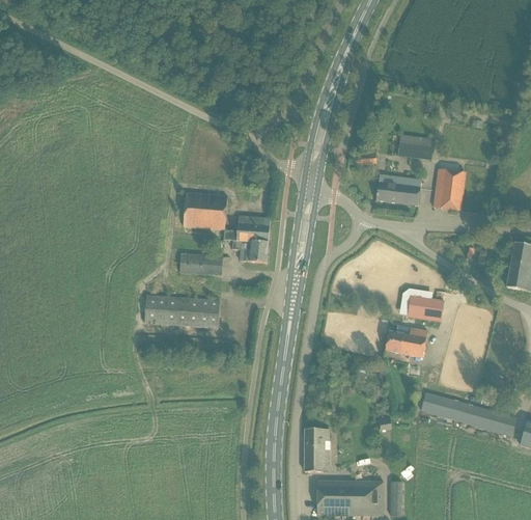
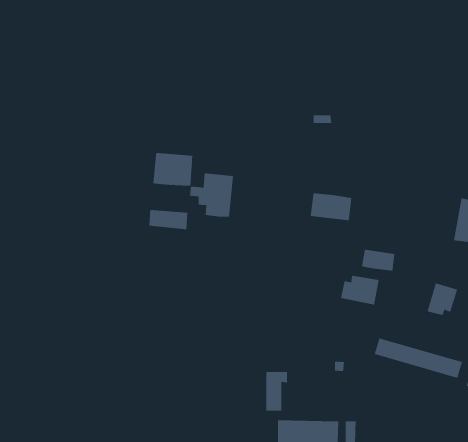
building: [398,135,435,160] -> none
building: [434,169,465,211] -> none
building: [375,175,421,206] -> [310,193,352,221]
building: [144,295,220,328] -> none
building: none -> [427,283,458,316]

